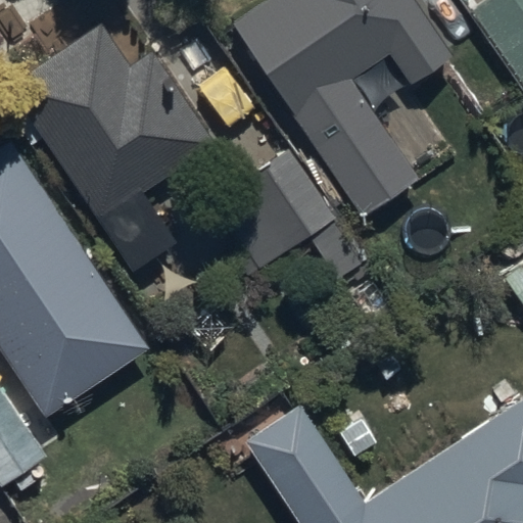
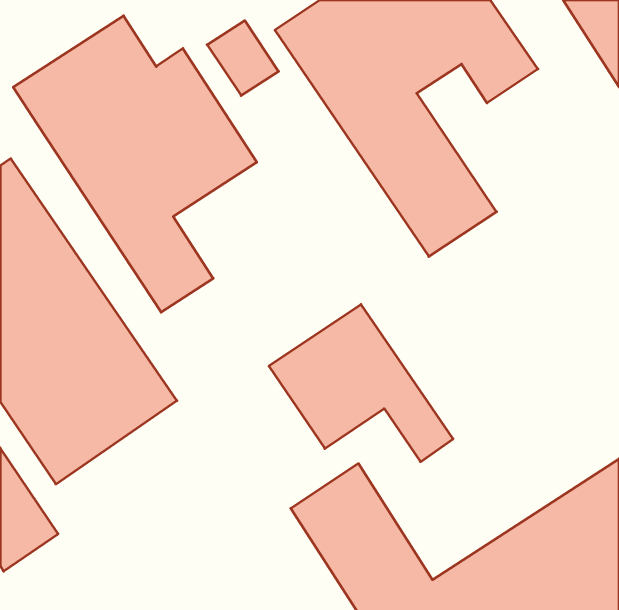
building: [212,156,368,289] -> [269,304,453,462]

